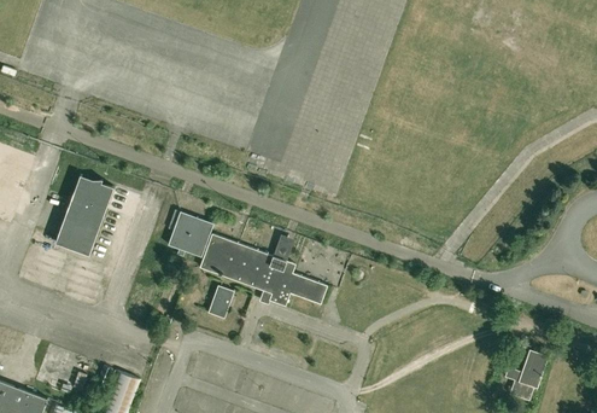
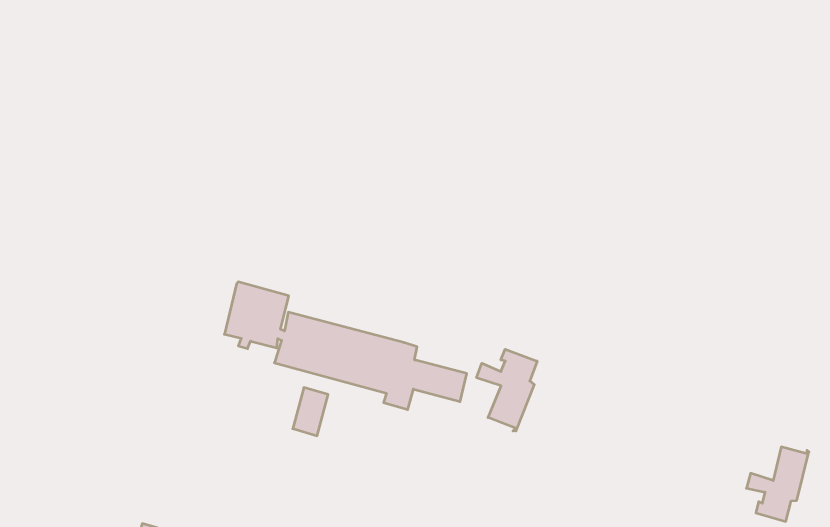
building: [54,175,113,255] -> none
building: none -> [477,349,537,431]

